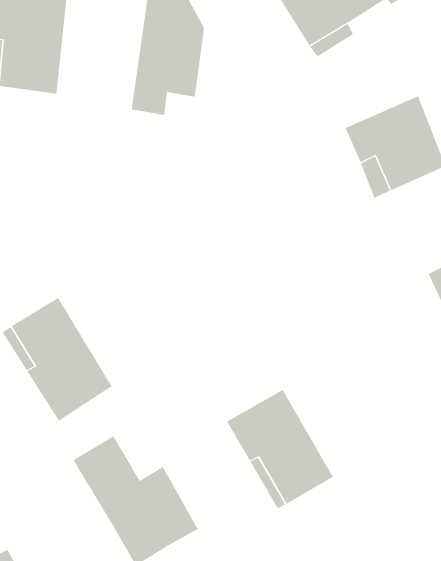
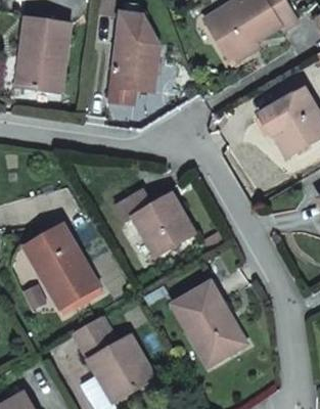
building: none -> [115,189,192,255]

